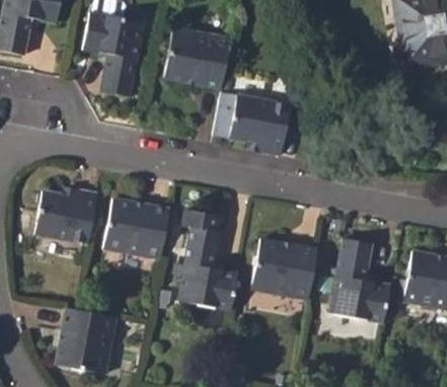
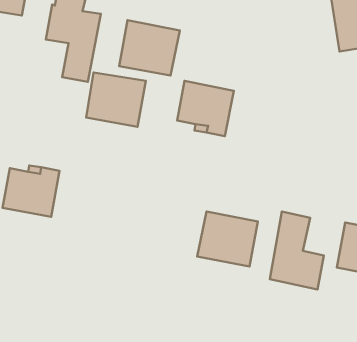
building: [103,200,169,259] -> [86,73,146,127]
building: [177,210,237,310] -> none
building: [56,308,116,374] -> none

